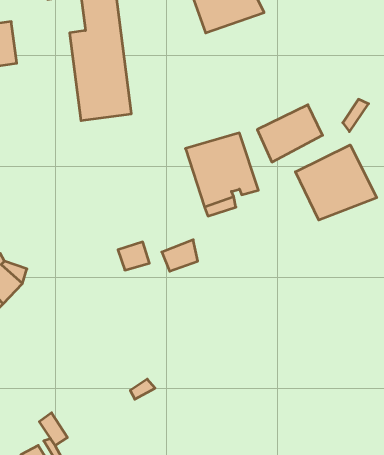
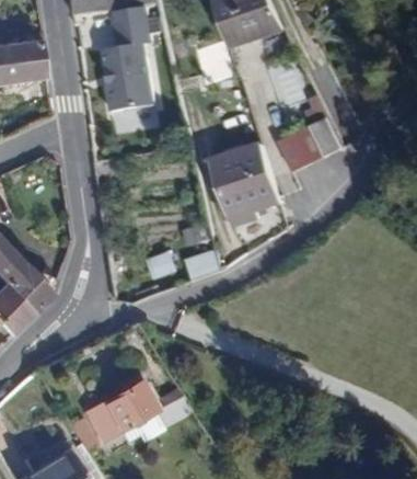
building: [295,145,377,220] -> none
building: none -> [84,375,163,443]

